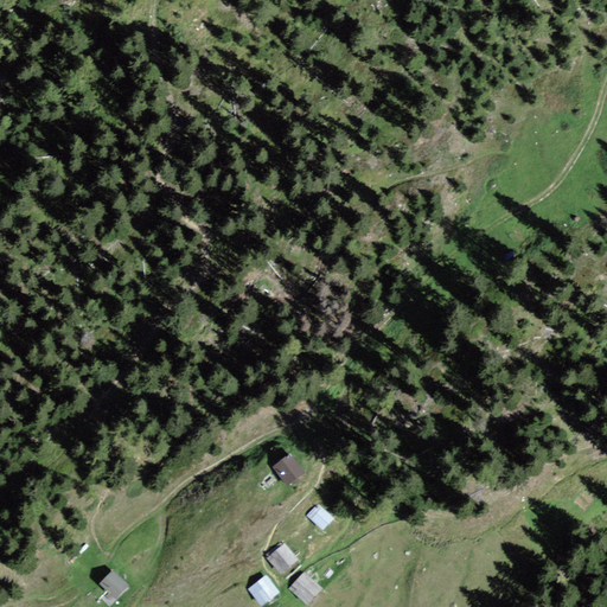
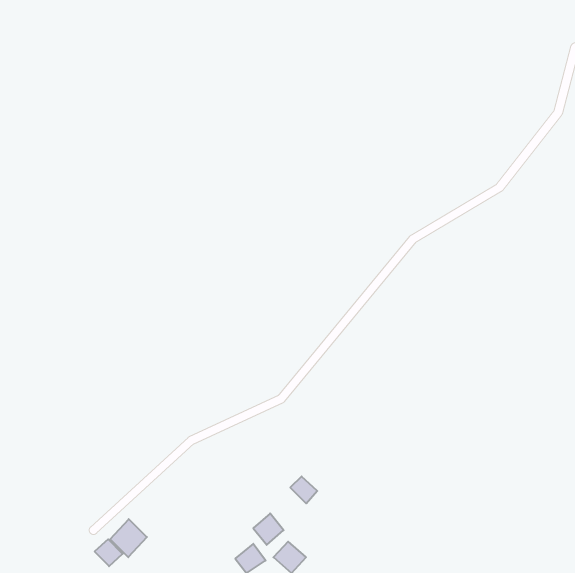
building: [271,452,305,485] -> none
building: none -> [110,519,147,557]

